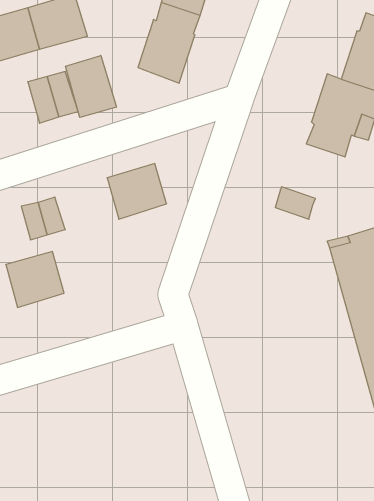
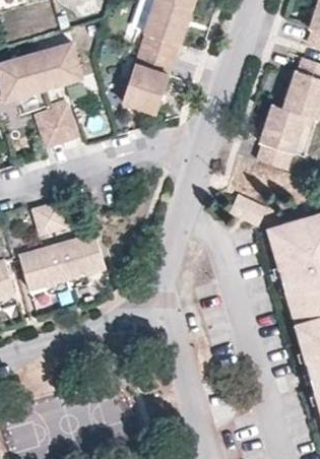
building: [66,55,117,117] -> none
building: [107,164,167,219] -> [57,234,104,277]

